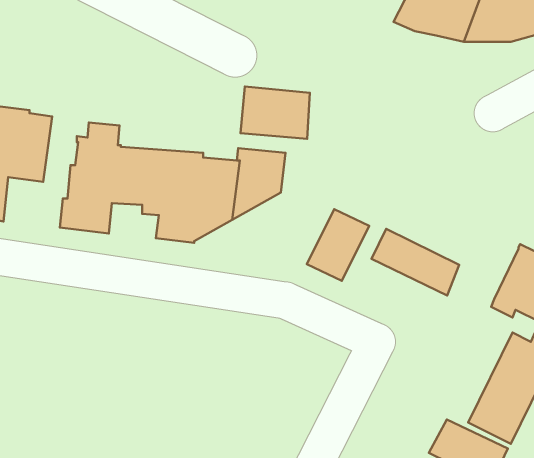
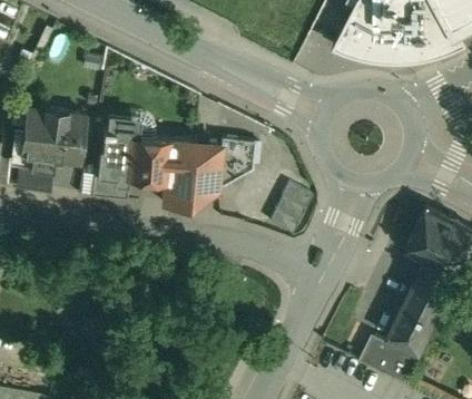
building: [240,86,310,139] -> none
building: [371,229,459,295] -> none

